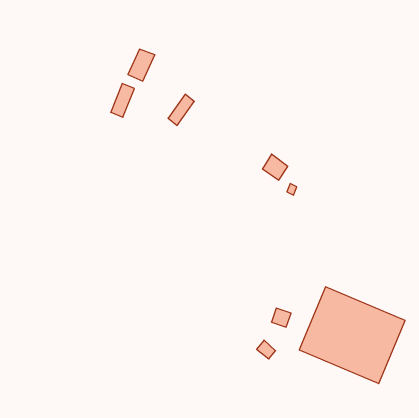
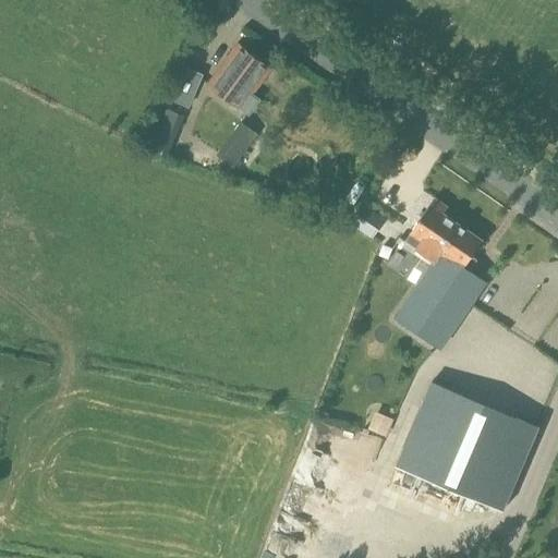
building: none -> [209,46,270,110]
building: none -> [396,199,485,350]

